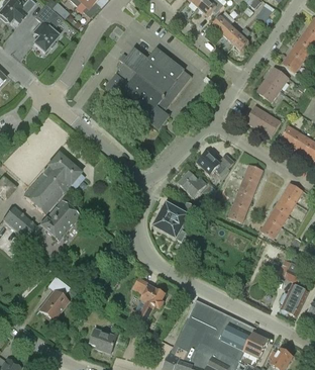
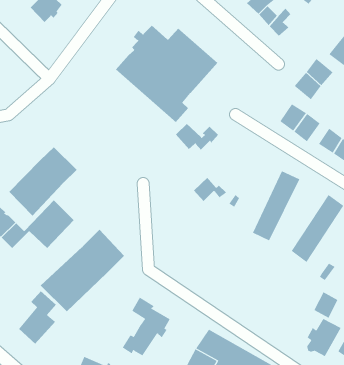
building: [198,153,234,175] -> [175,123,219,150]
building: [152,202,195,242] -> none
building: none -> [40,229,125,312]

